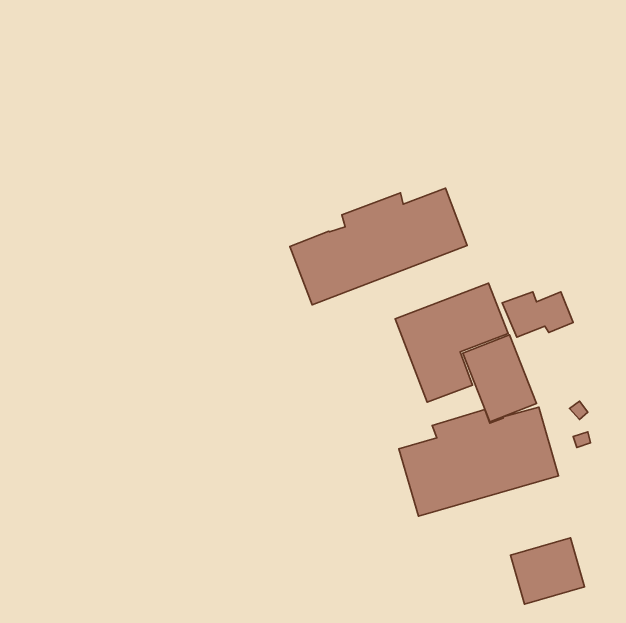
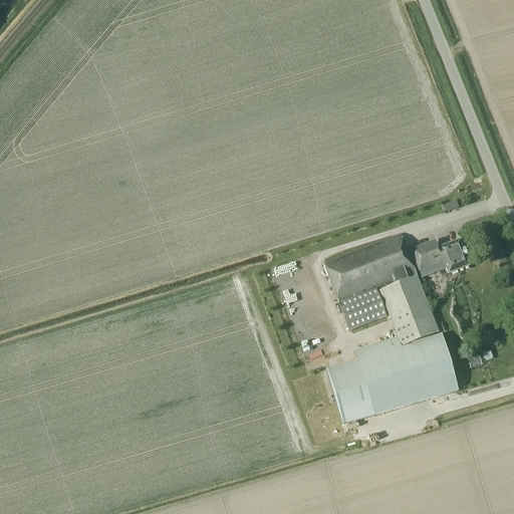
building: [290,188,467,305] -> none
building: [511,538,585,604] -> none

